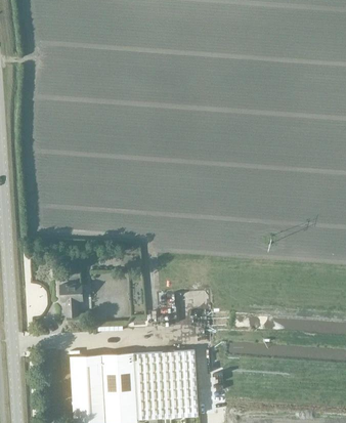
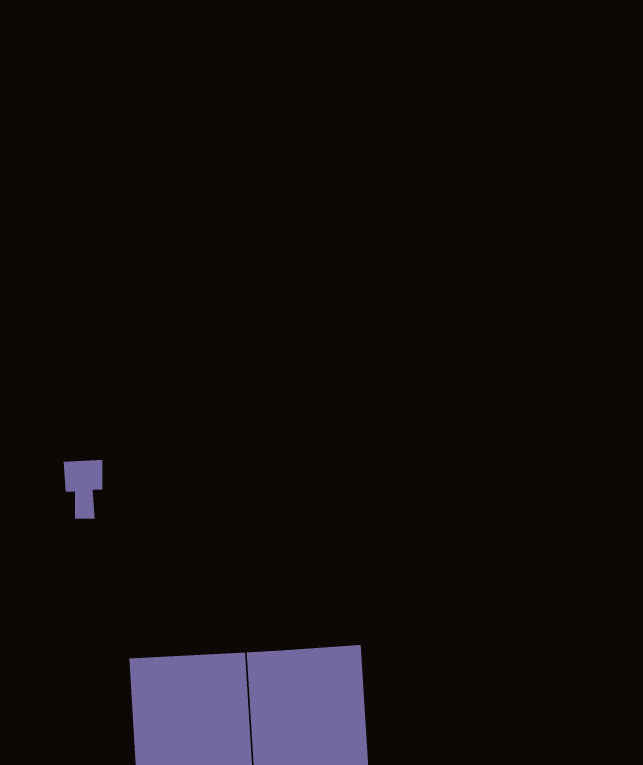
building: [59,285,81,316] -> [63,459,103,519]

